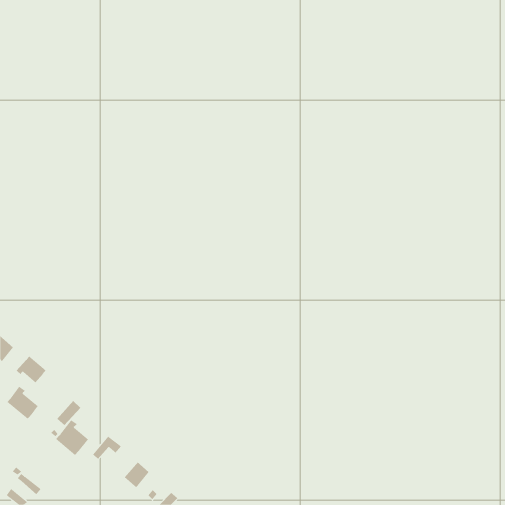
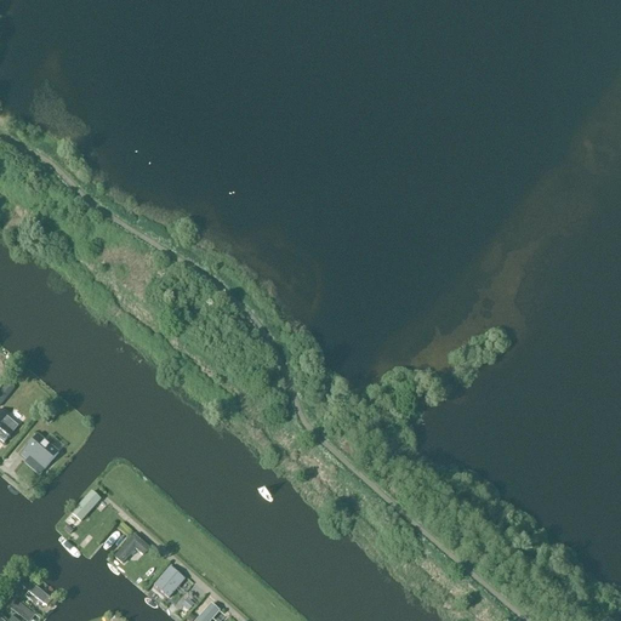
building: [7,386,39,419] -> none
building: [55,420,89,456] -> none

